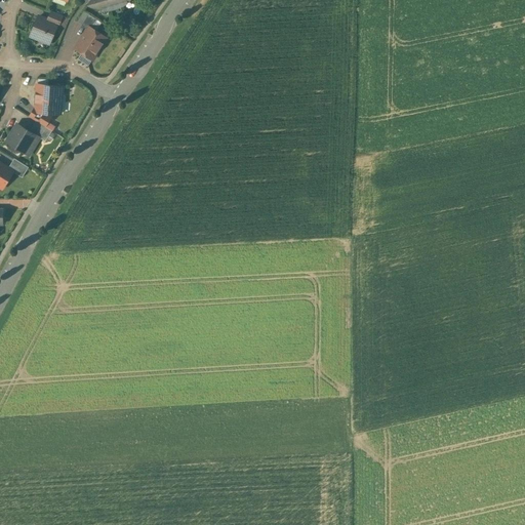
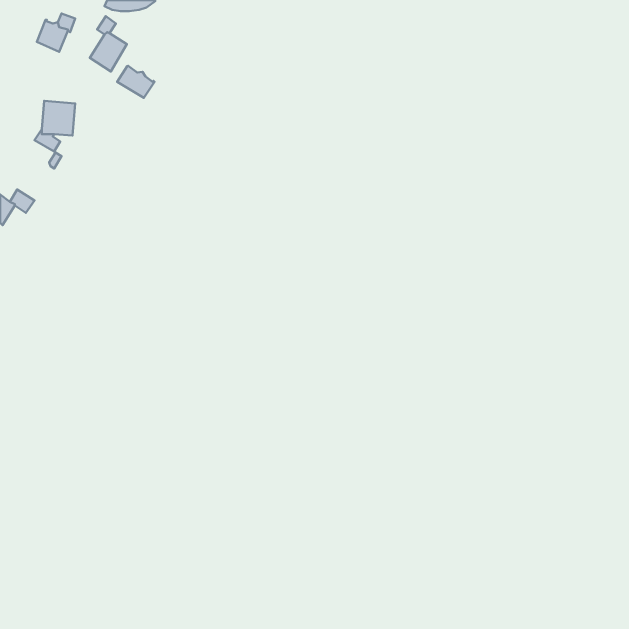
building: none -> [117,66,155,98]
building: [6,124,36,151] -> none

